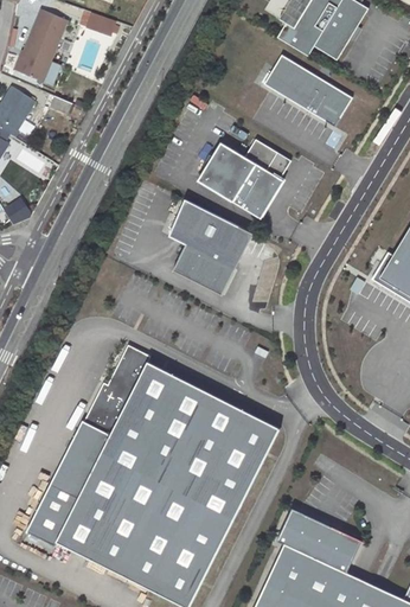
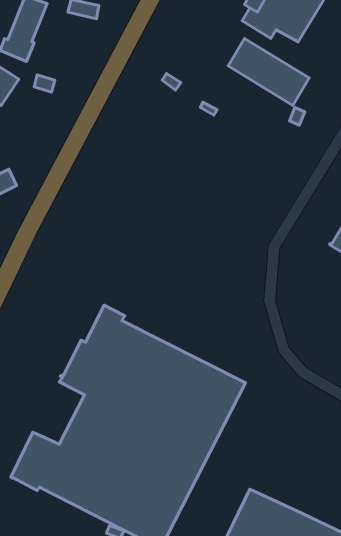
building: [194,140,289,219] -> none
building: [167,198,241,295] -> none
building: [51,421,107,494] -> none
building: [274,507,357,569] -> none

